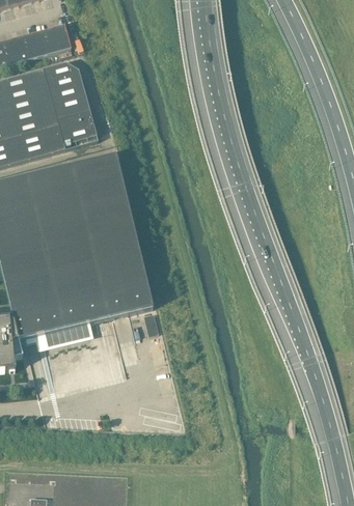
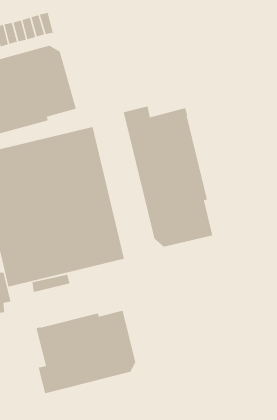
building: none -> [123,105,213,248]
building: none -> [35,310,136,394]

